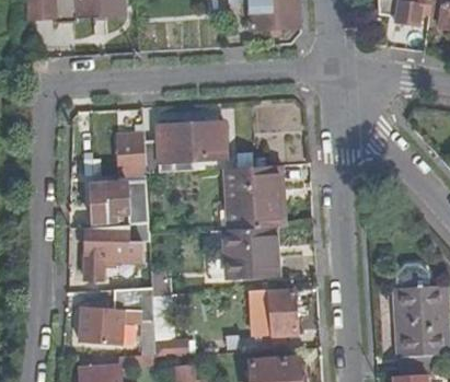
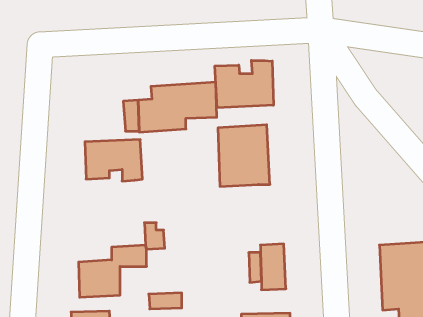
building: none -> [215,60,273,108]
building: [83,221,141,280] -> none
building: [224,225,277,275] -> none

